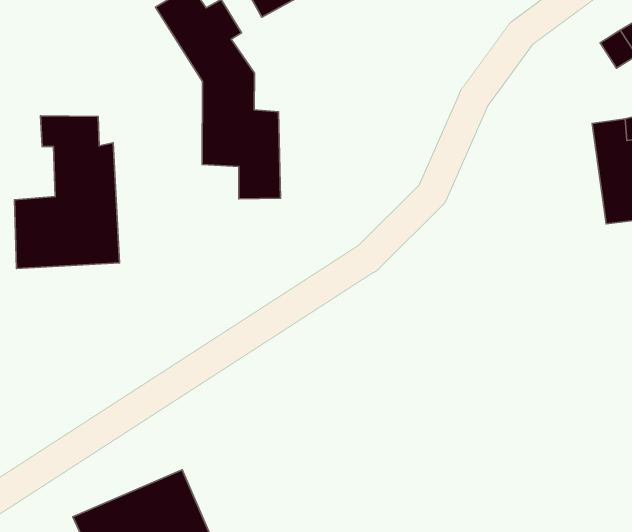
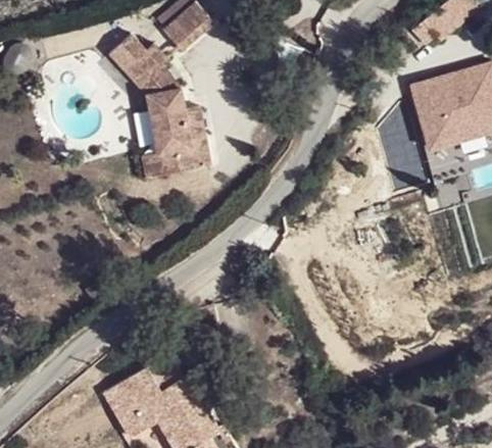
building: [15,116,119,269] -> none
building: none -> [141,148,182,177]

